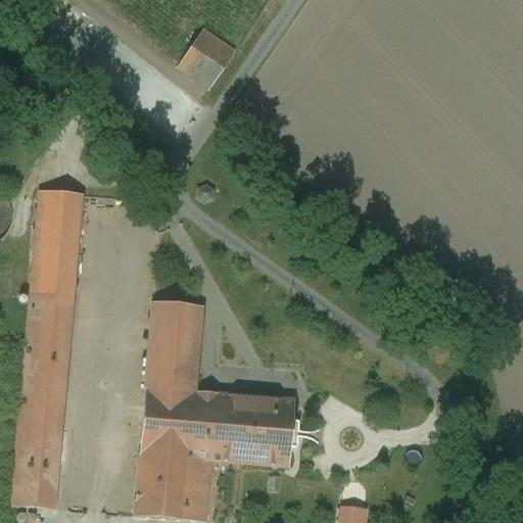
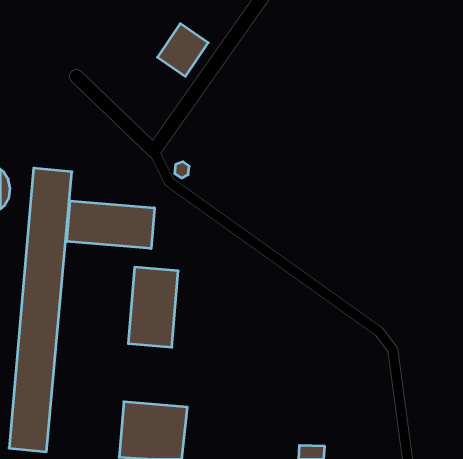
building: none -> [67,201,154,249]
building: [141,386,293,464] -> none

